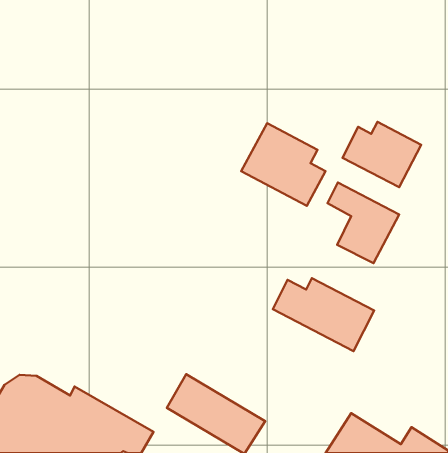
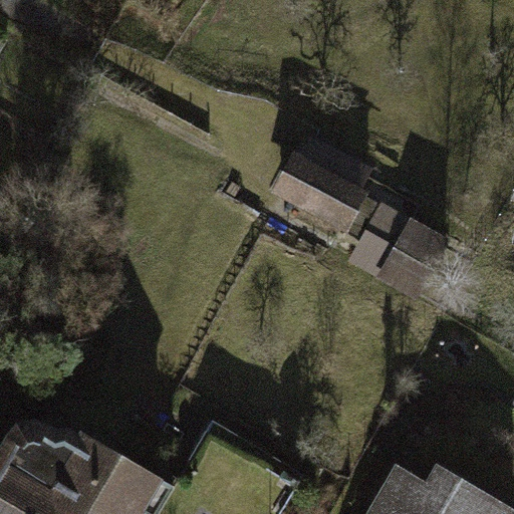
building: [342,122,421,187] -> none
building: [273,278,374,351] -> none

